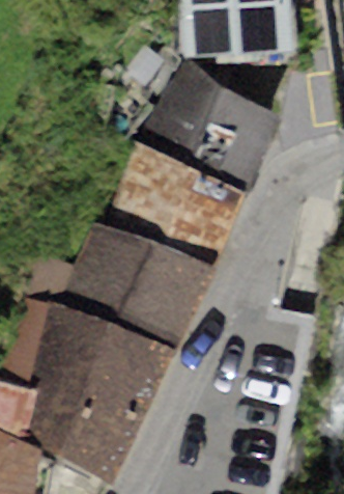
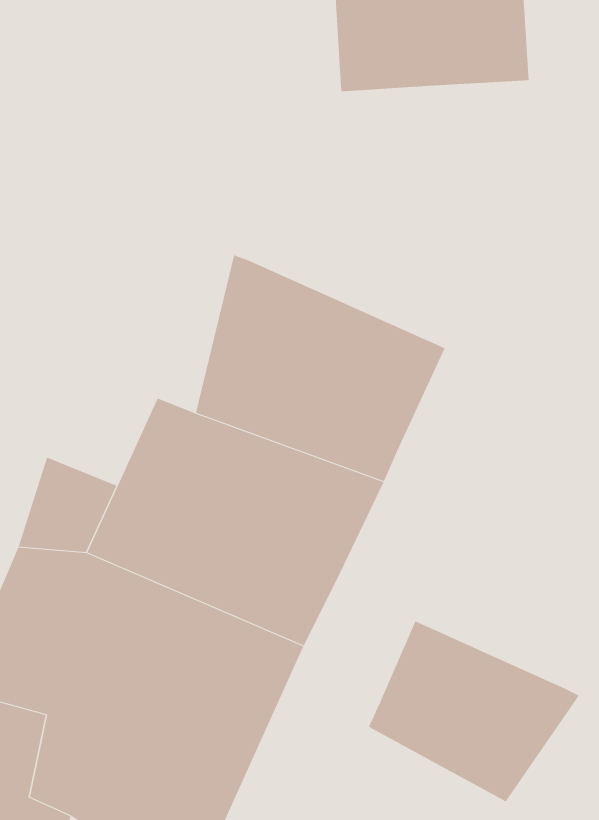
building: [141,59,279,193] -> none
building: none -> [368,620,580,802]

